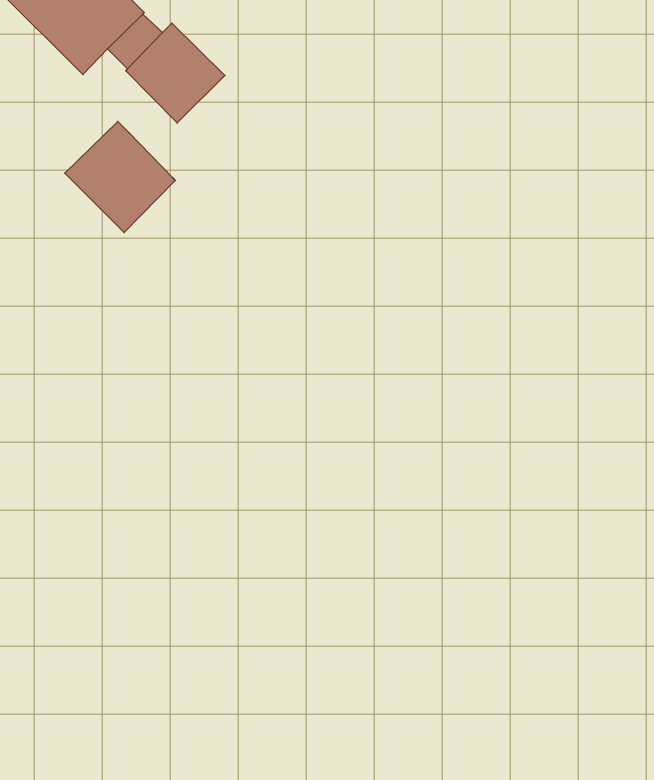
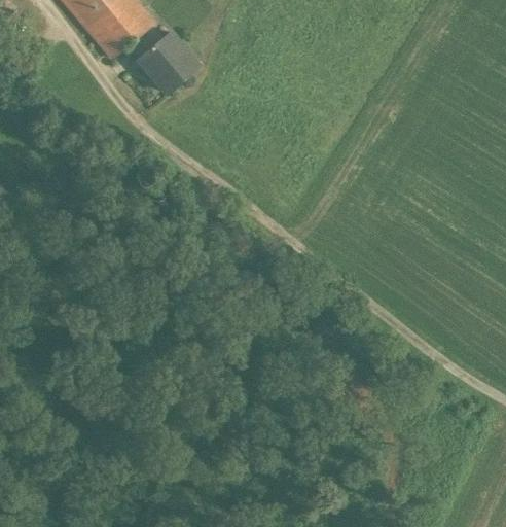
building: [65,121,175,233] -> none

